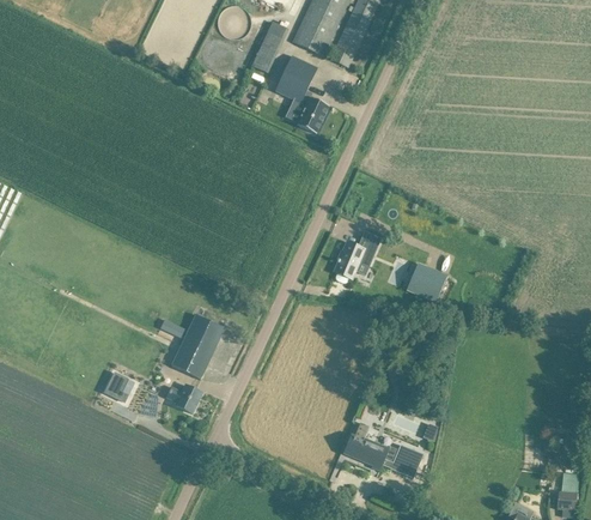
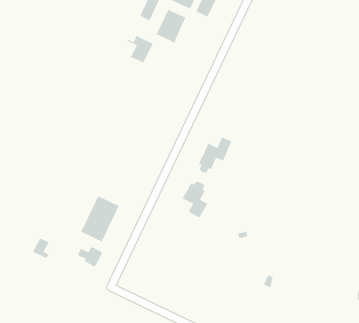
building: [291,93,328,133] -> [127,35,153,63]
building: [406,262,446,303] -> none
building: none -> [182,181,208,218]
building: [343,422,422,478] -> none

